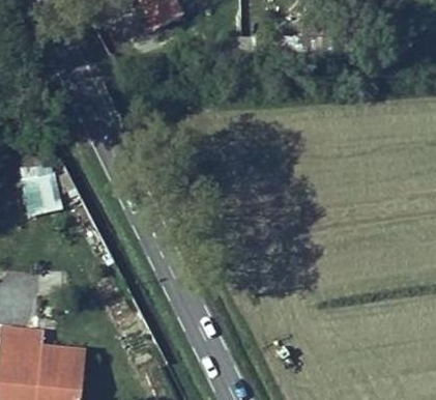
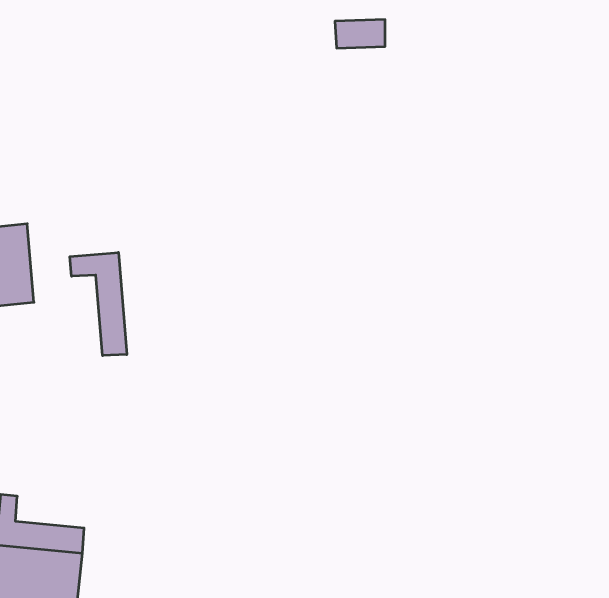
building: none -> [70,252,127,356]

